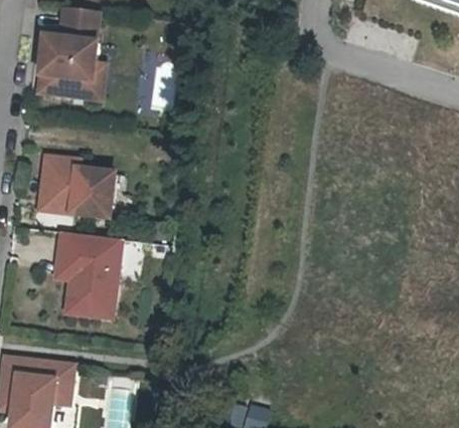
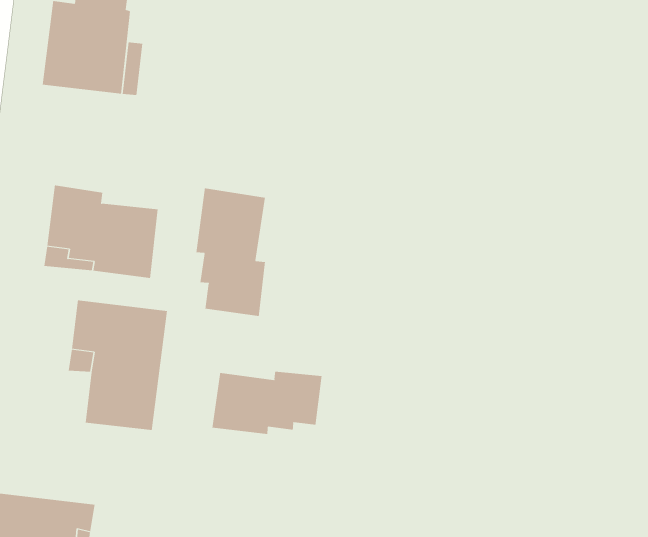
building: none -> [196,188,266,317]
building: none -> [212,371,322,435]

